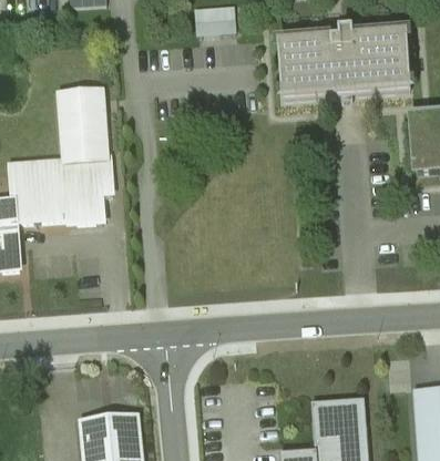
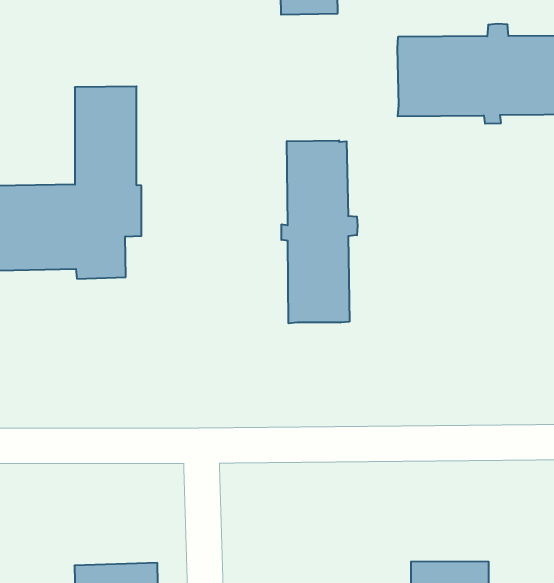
building: none -> [281,140,358,323]

